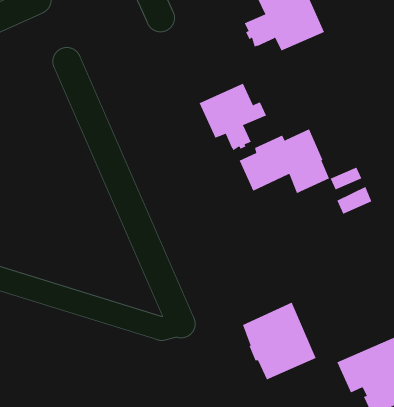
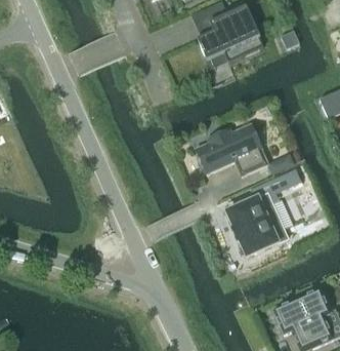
building: [199,83,267,153] -> none
building: [242,302,317,380] -> [228,192,288,255]

